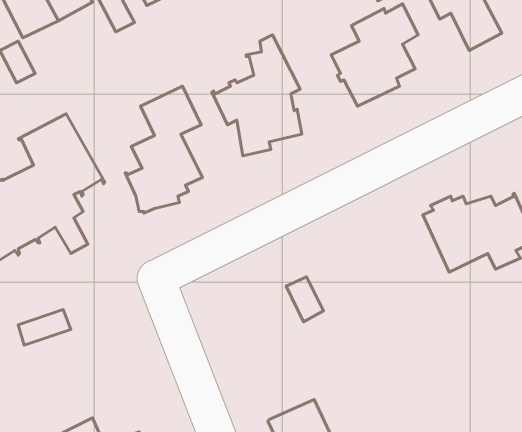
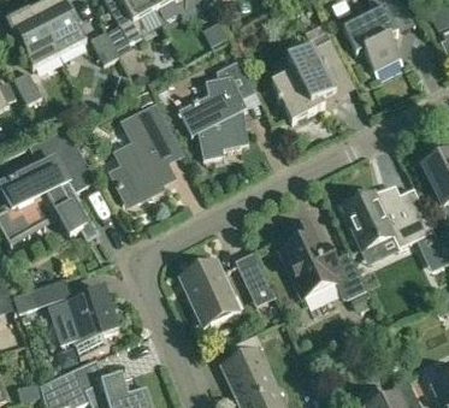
building: none -> [279,220,365,296]
building: none -> [181,258,237,323]
building: none -> [48,286,117,356]

